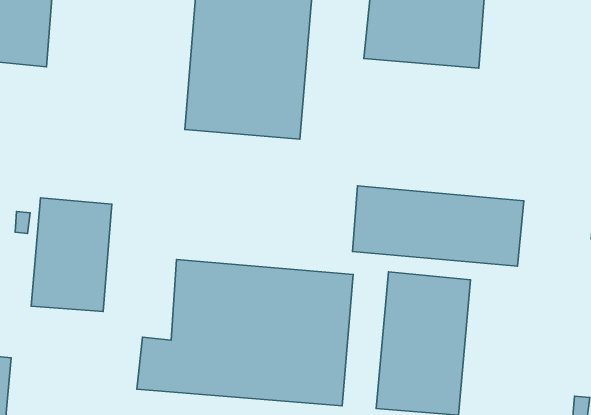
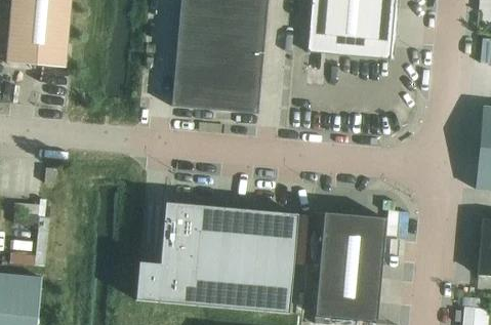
building: [353,186,524,266] -> none
building: [31,198,112,311] -> none

